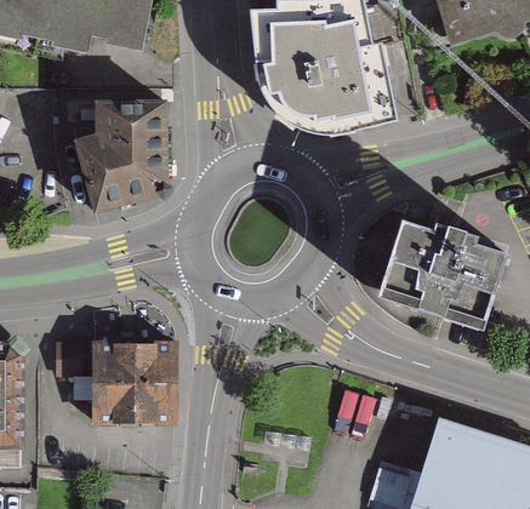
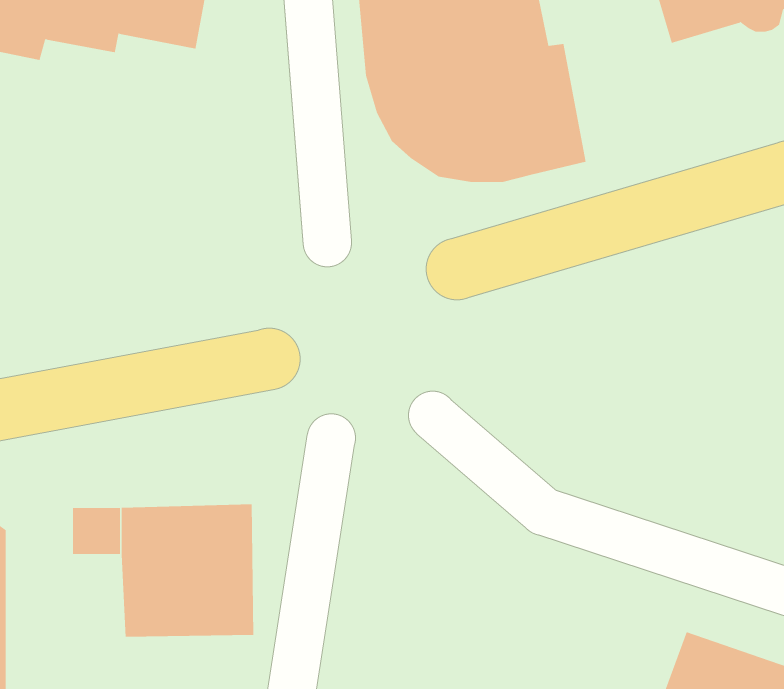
building: [73,97,175,211] -> none
building: [367,208,502,327] -> none

